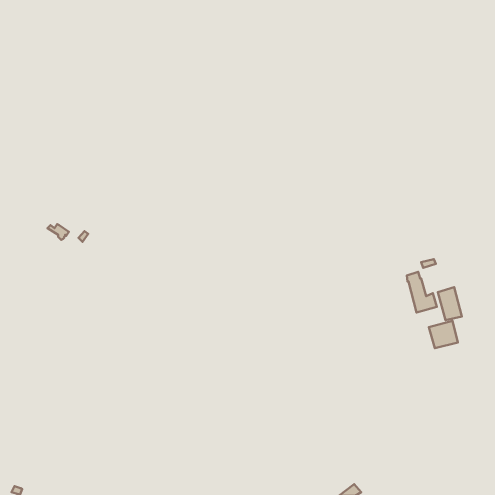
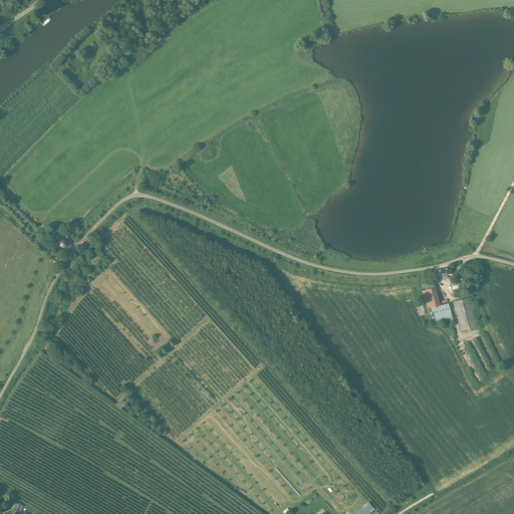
building: [429,321,458,348] -> none

